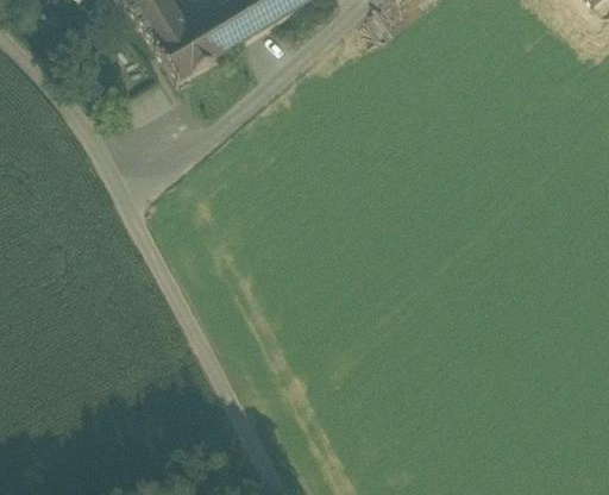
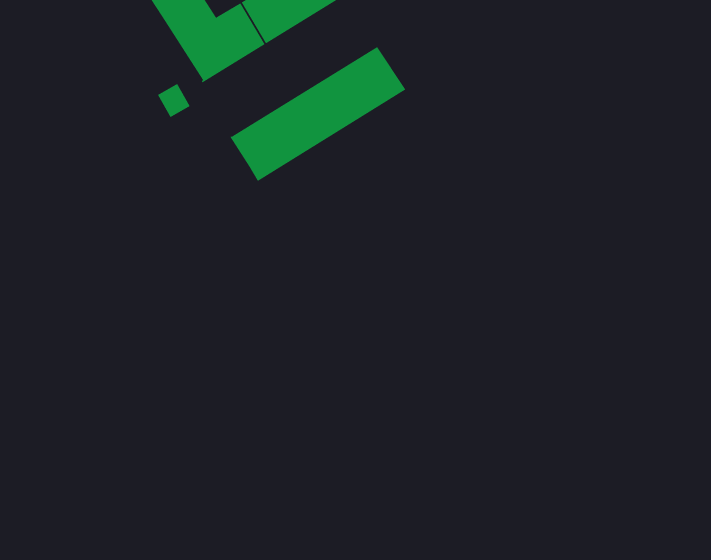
building: none -> [230,46,406,182]

